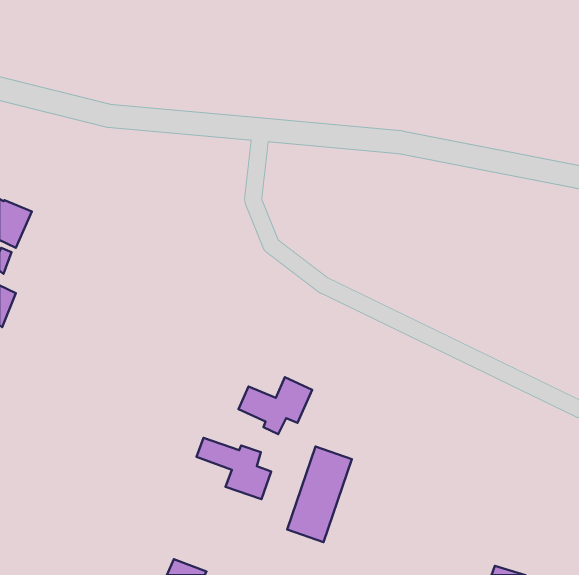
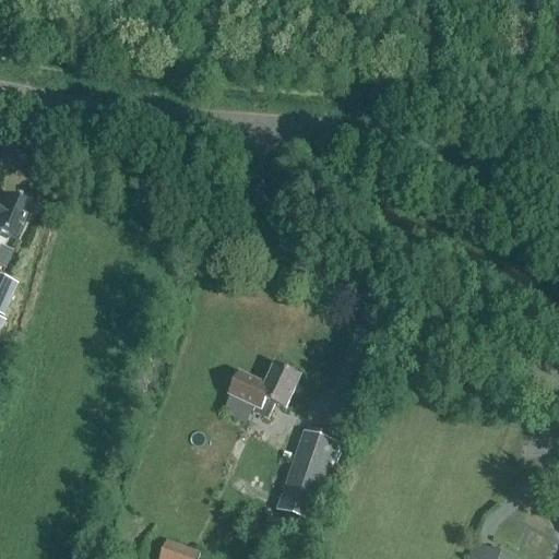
building: [197,438,271,499] -> none

